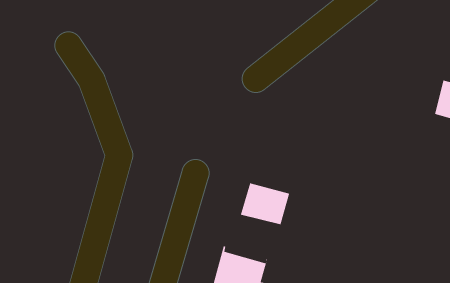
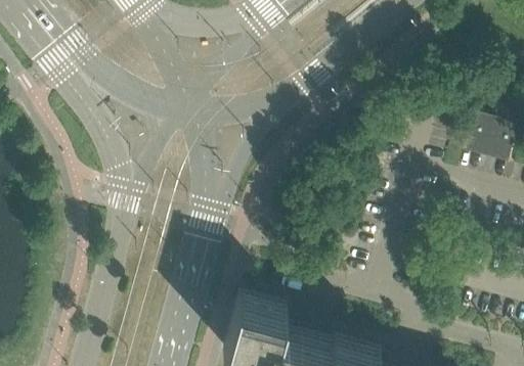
building: [240,182,290,225] -> none

